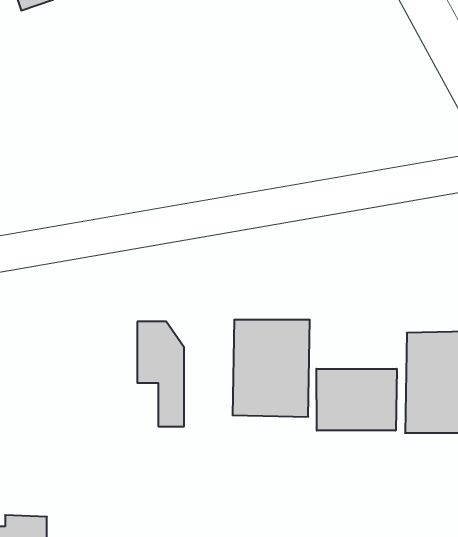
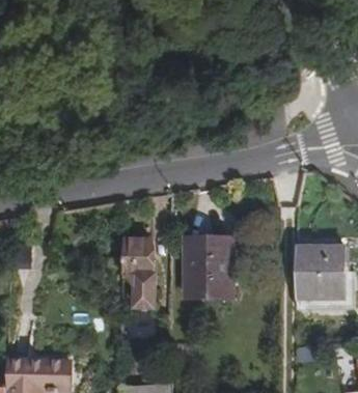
building: [316,369,397,431] -> none

